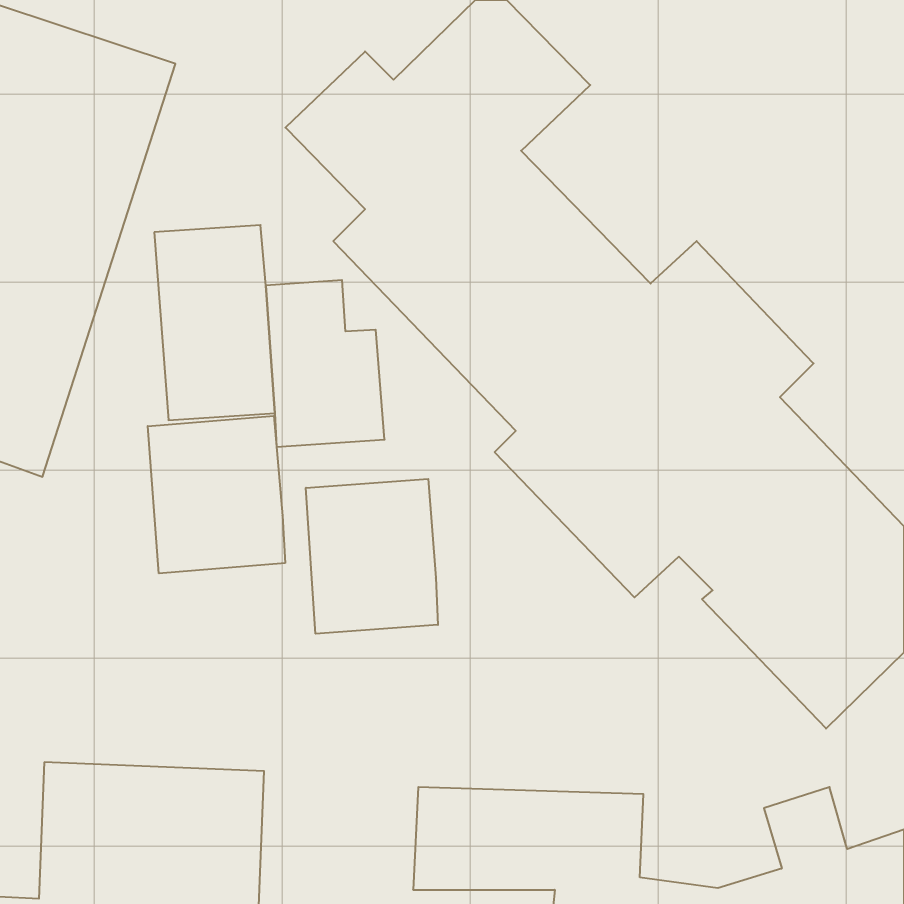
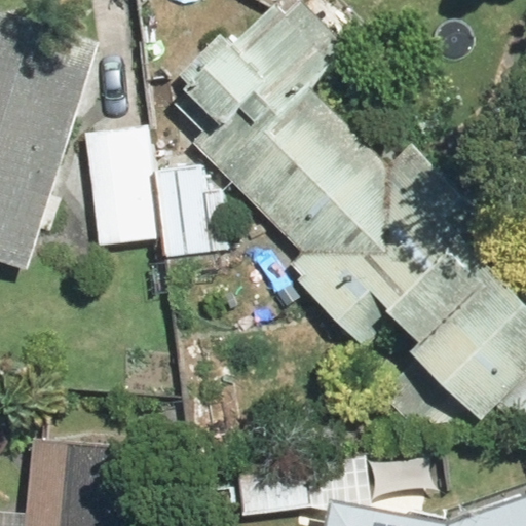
building: [148,416,285,573] -> none
building: [306,479,438,634] -> none

